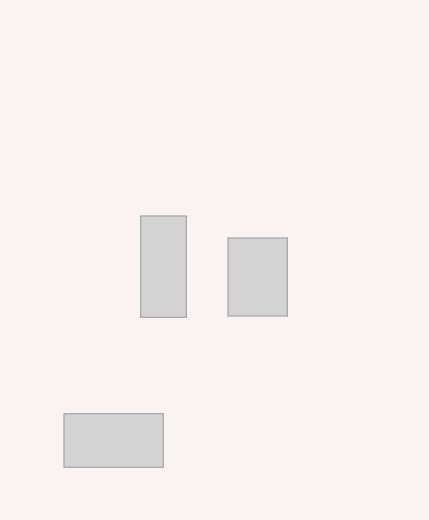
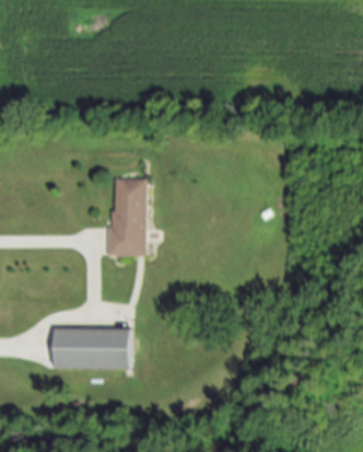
building: [228,238,287,316] -> none

